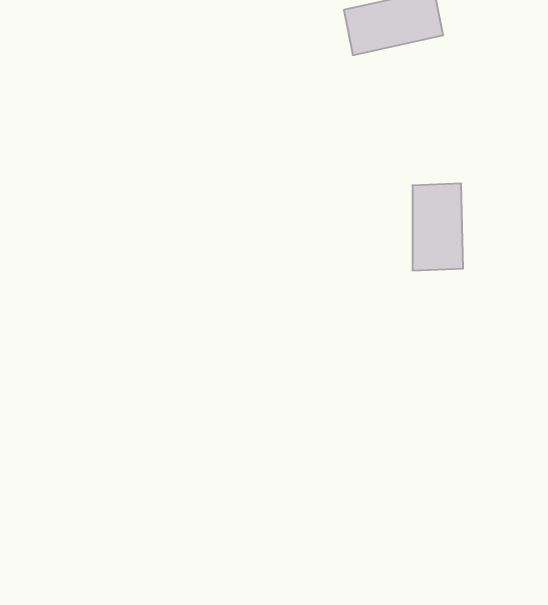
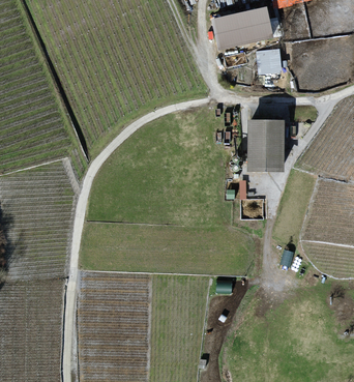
building: none -> [256,48,282,72]

